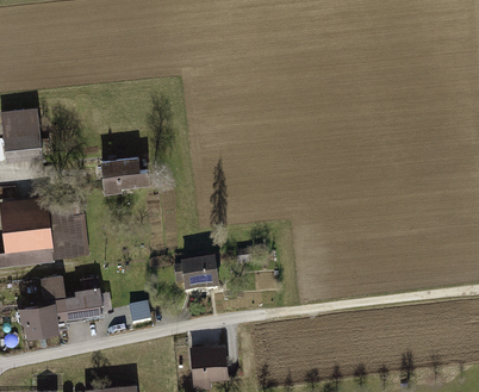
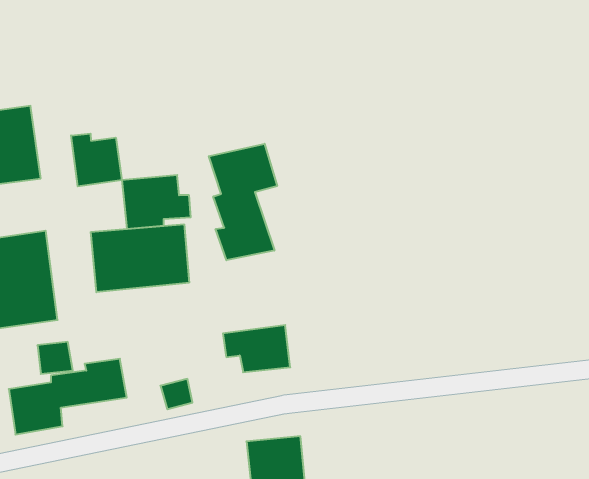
building: none -> [71,134,122,186]
building: none -> [209,144,277,260]
building: none -> [91,224,189,292]

